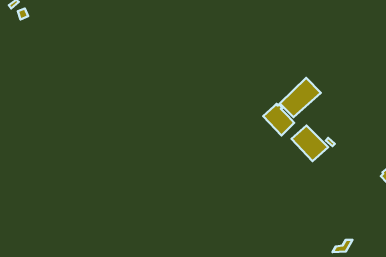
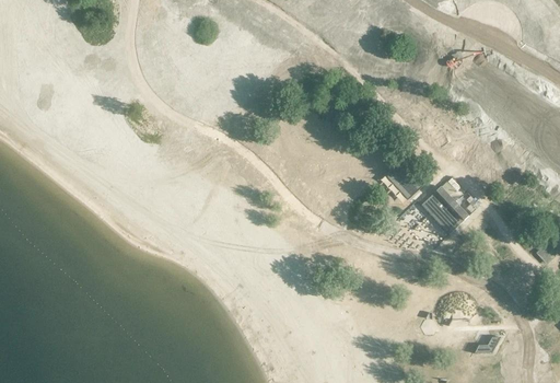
building: [280,78,321,117] -> none

